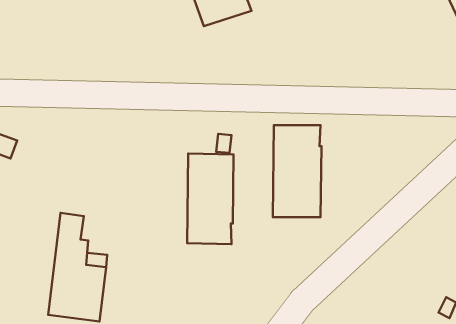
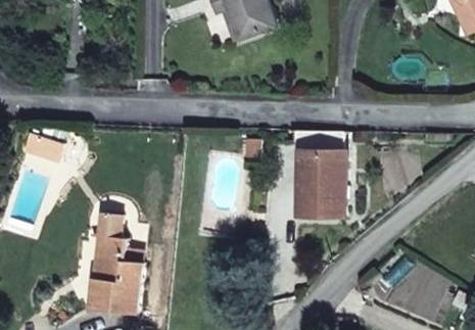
building: [187,153,234,244] -> none

